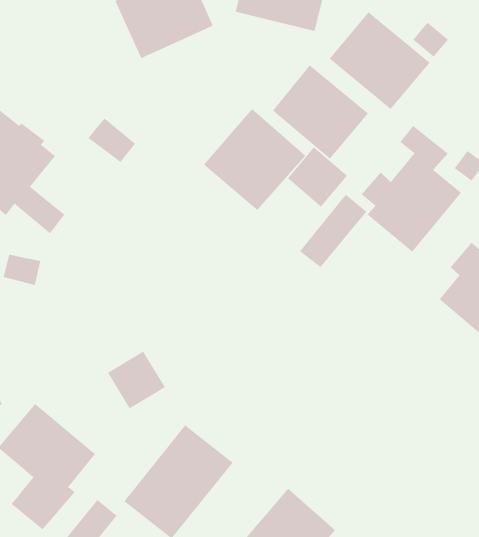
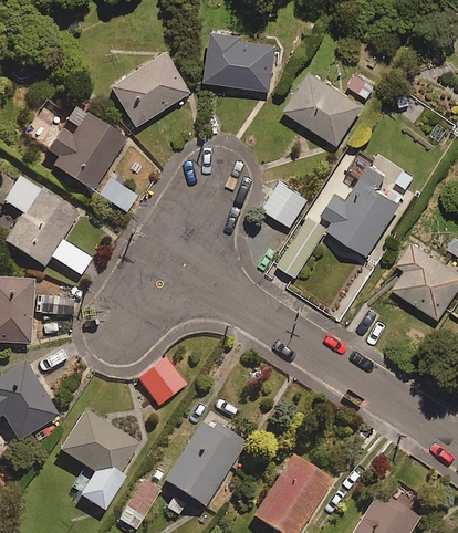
building: none -> [45,104,126,190]
building: [272,65,369,159] -> none
building: [203,108,306,211] -> none

